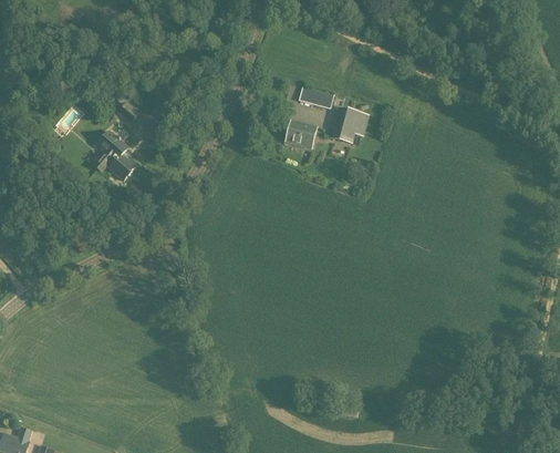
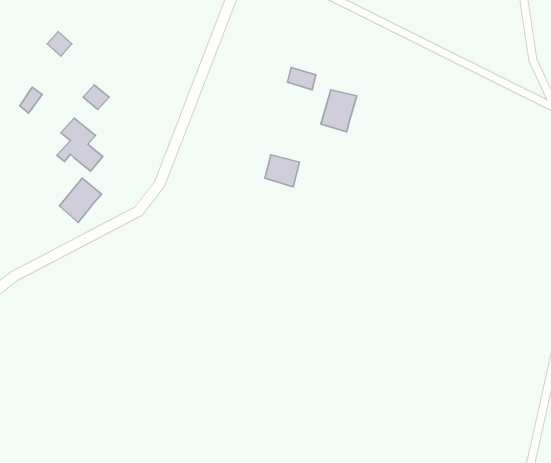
building: [286,121,317,150] -> [265,155,299,187]
building: none -> [60,178,102,222]

